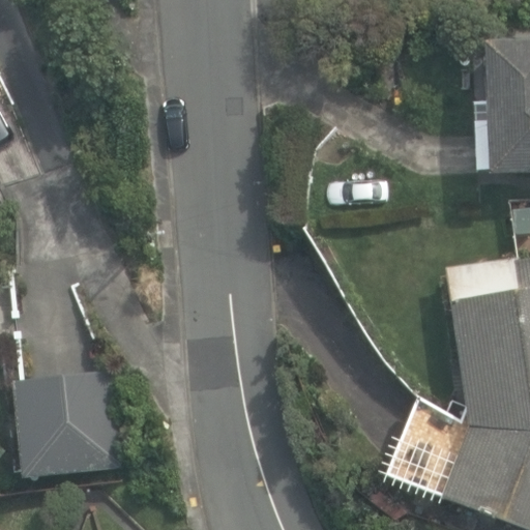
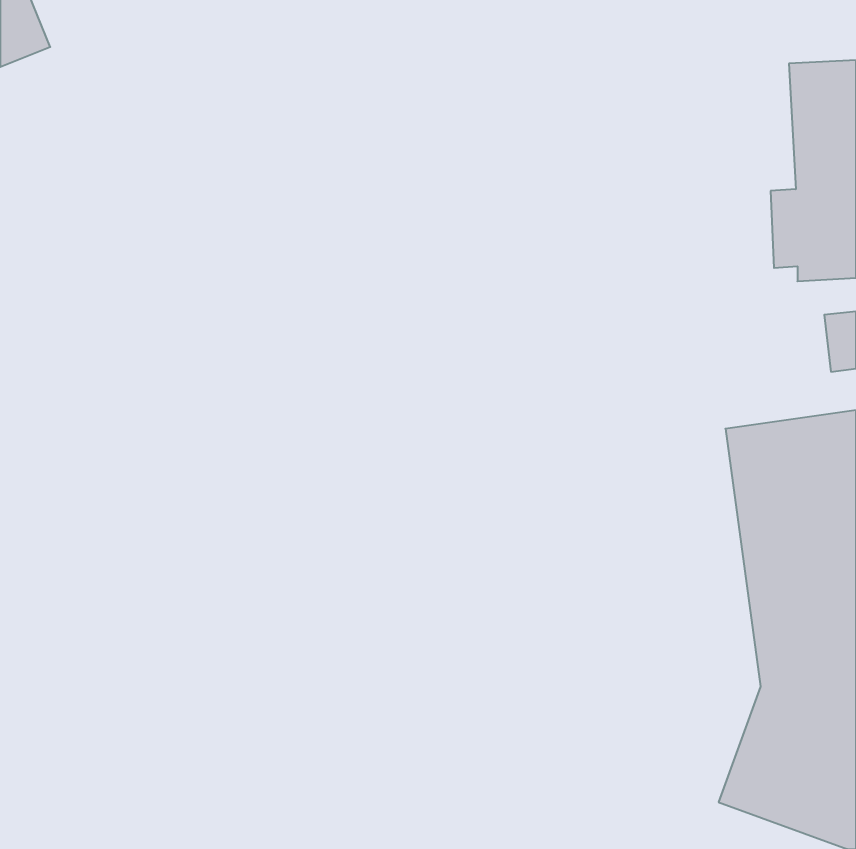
building: [13,372,122,479] -> none

